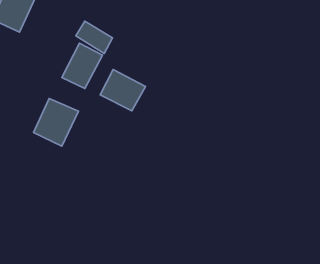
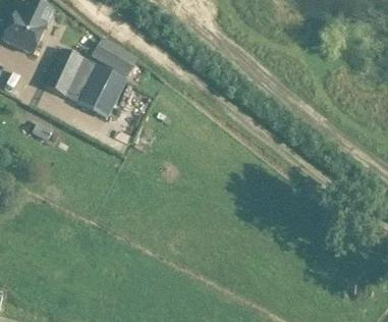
building: [100,69,146,111] -> none
building: [33,98,78,146] -> [44,48,94,101]

